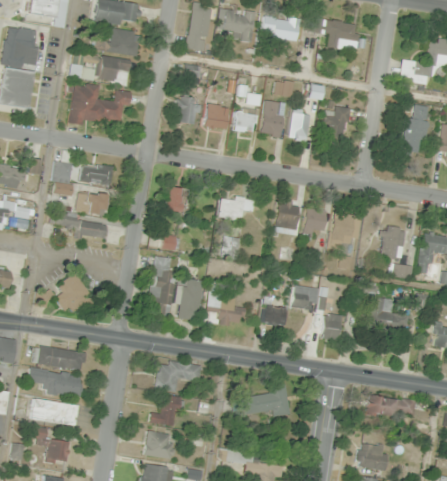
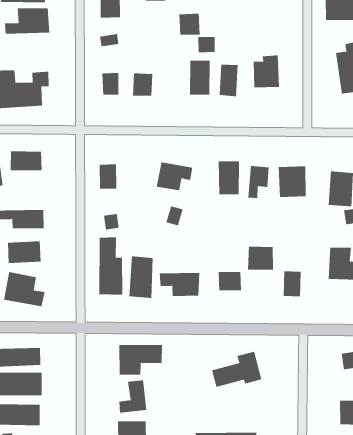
building: [98,57,130,81] -> none
building: [234,110,256,133] -> [178,13,201,35]
building: [75,192,109,215] -> [7,241,42,264]

